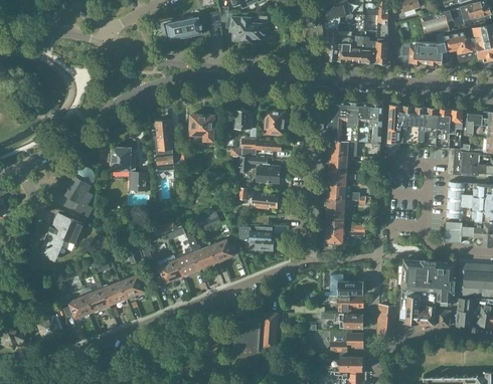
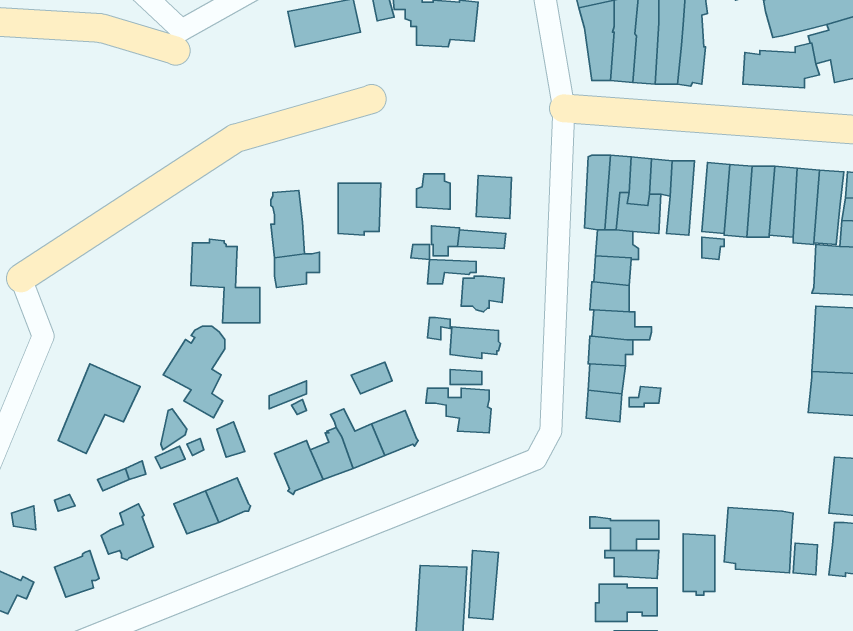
building: [61,168,95,217] -> [163,326,225,418]
building: [401,260,456,307] -> none
building: [330,273,364,298] -> none
building: [84,282,110,312] -> none

